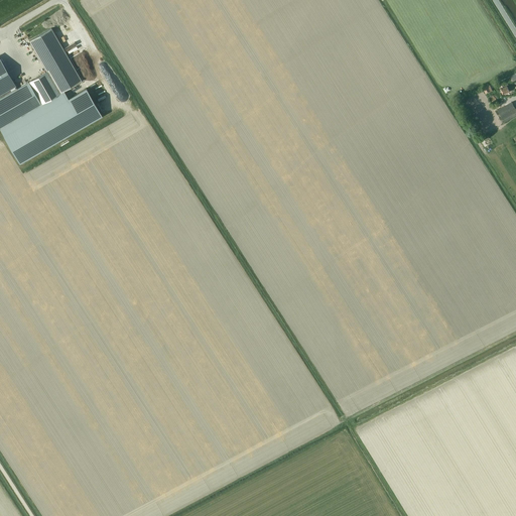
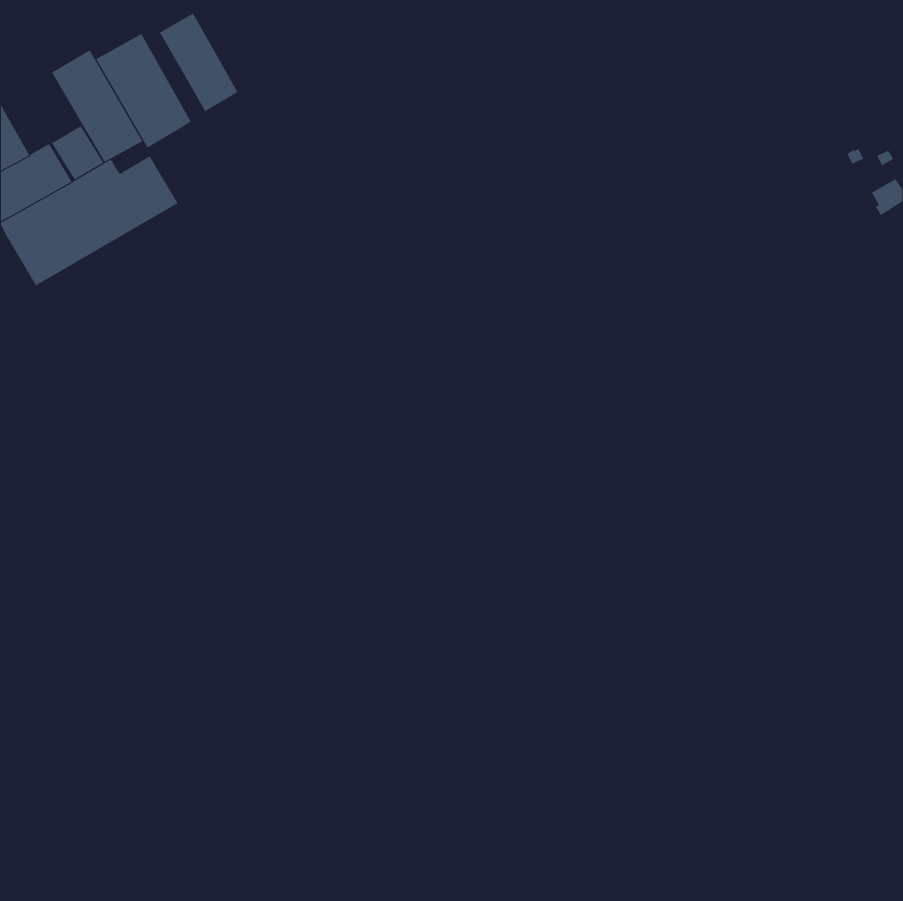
building: none -> [159,13,238,112]
building: none -> [96,33,192,149]

